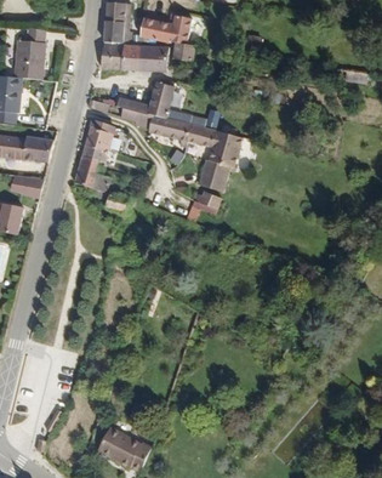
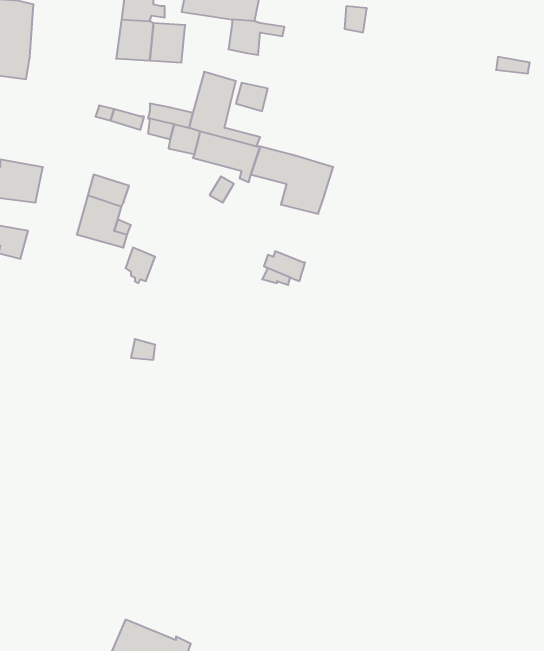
building: [142,45,166,70] -> none
building: [85,119,114,149] -> none
building: [199,161,230,192] -> none

